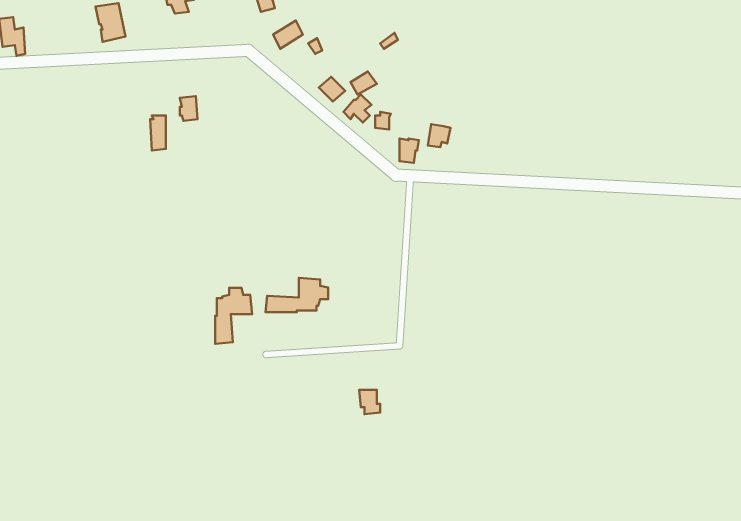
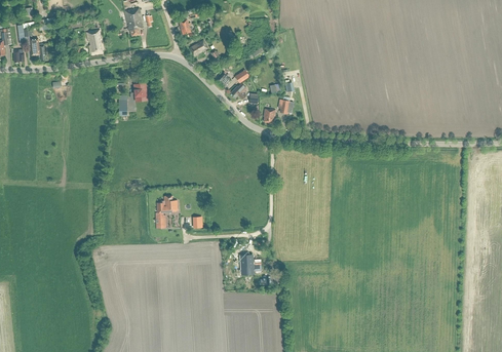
building: [265,278,328,312] -> none

